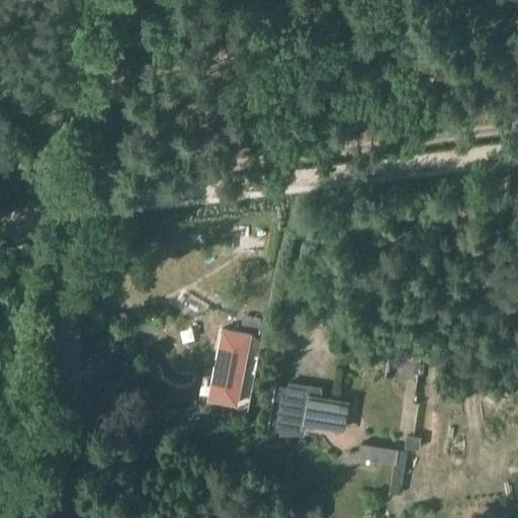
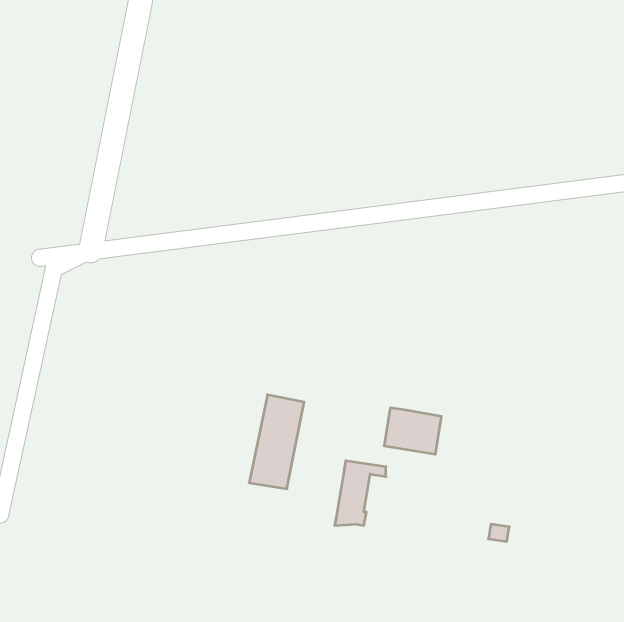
building: [301,395,349,433] -> [384,408,441,454]
building: [358,445,408,488] -> none

